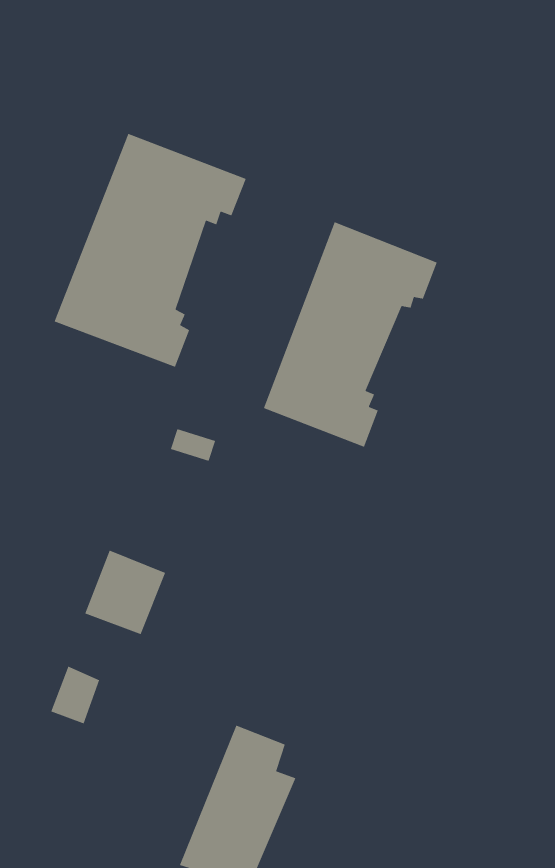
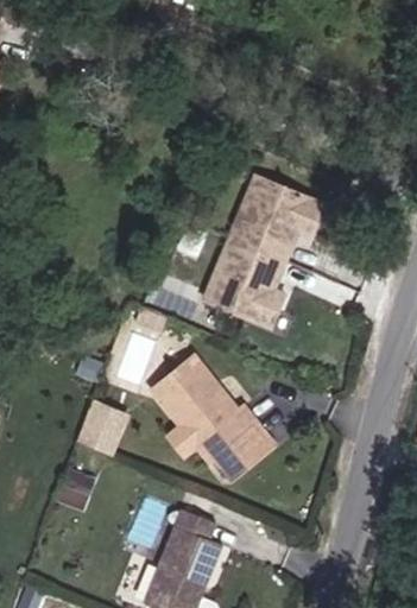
building: [54,133,247,368] -> none
building: none -> [151,367,274,488]

